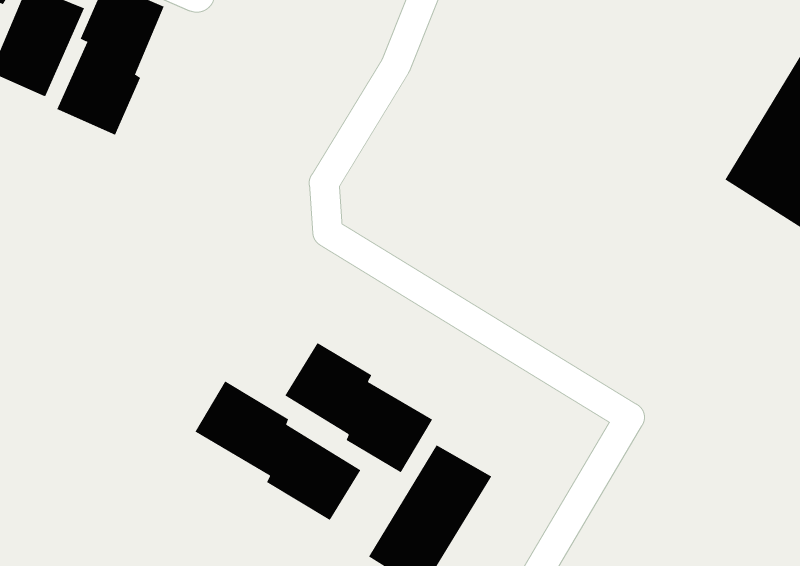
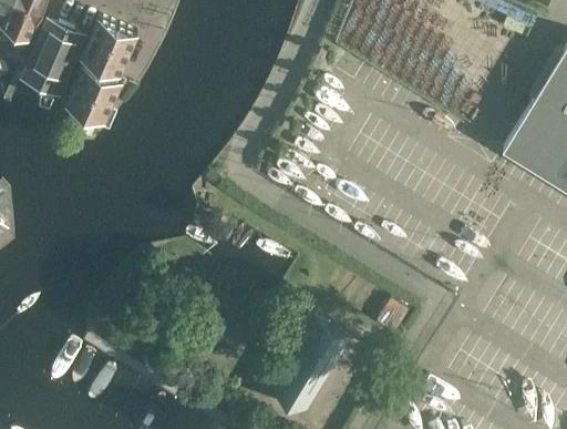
building: [285,342,434,473] -> none
building: [194,380,361,521] -> none

